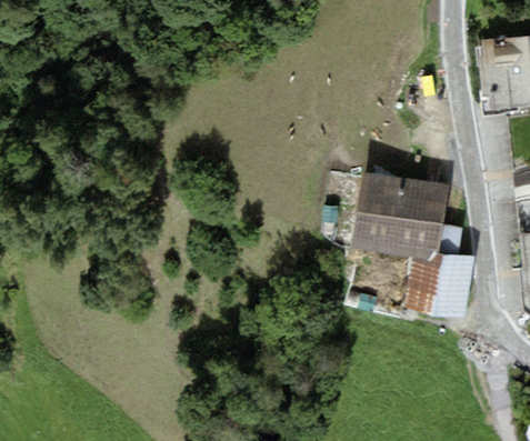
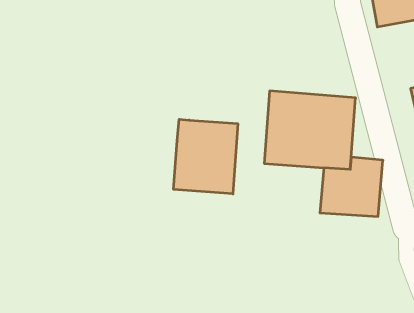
building: none -> [174,119,238,194]

